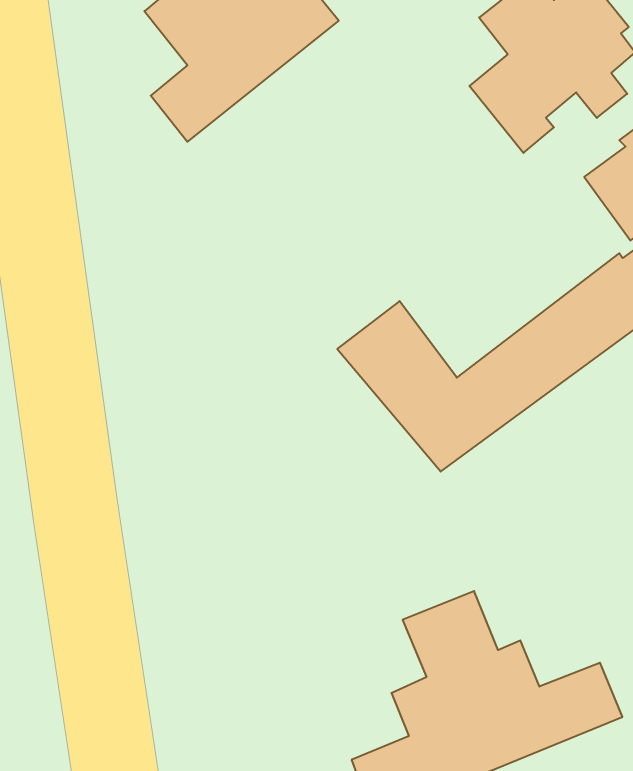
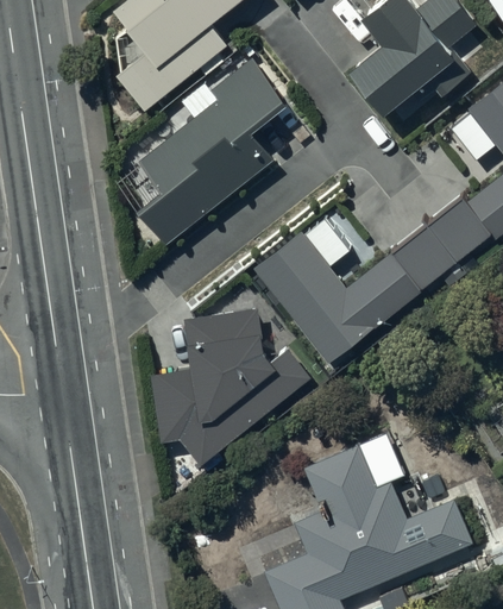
building: none -> [138,57,288,240]
building: none -> [149,308,315,465]

